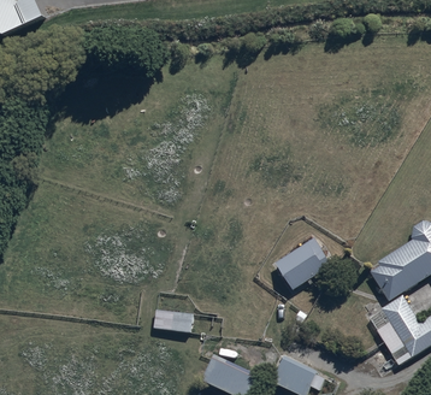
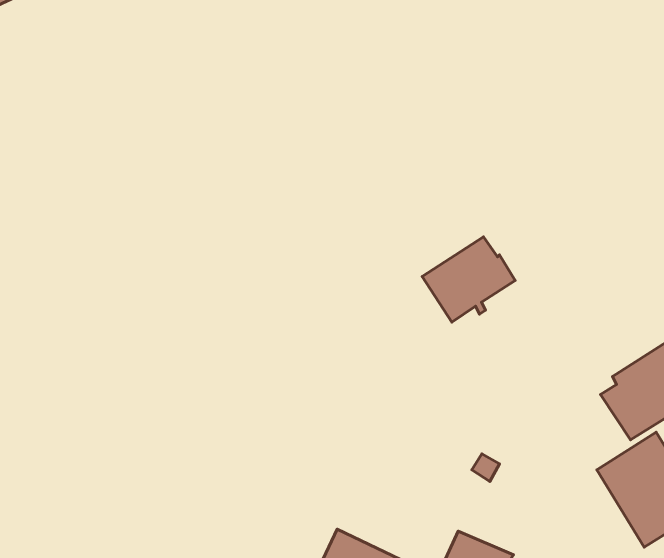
building: [276,238,332,290] -> [422,237,515,322]
building: [153,308,194,332] -> none

